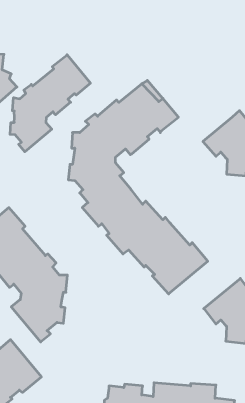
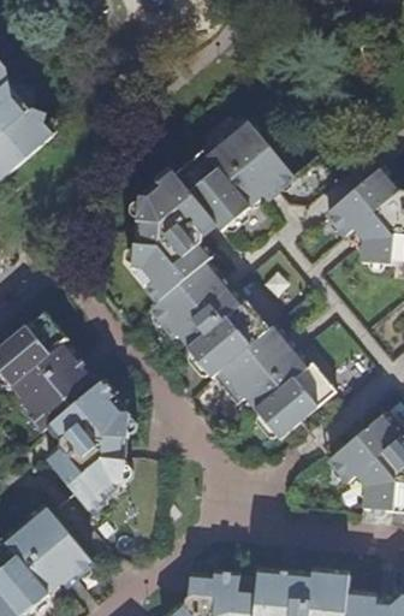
building: [10,55,90,152] -> none

